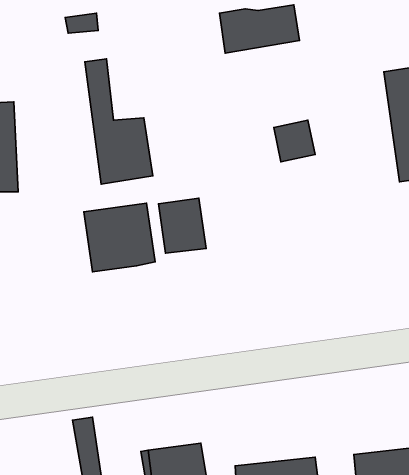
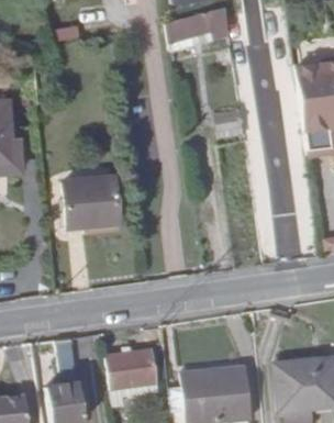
building: [85,59,153,184] -> none
building: [158,198,206,253] -> none

